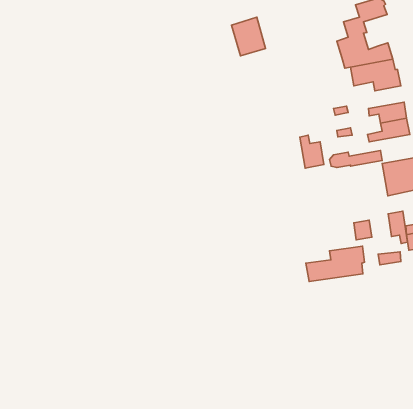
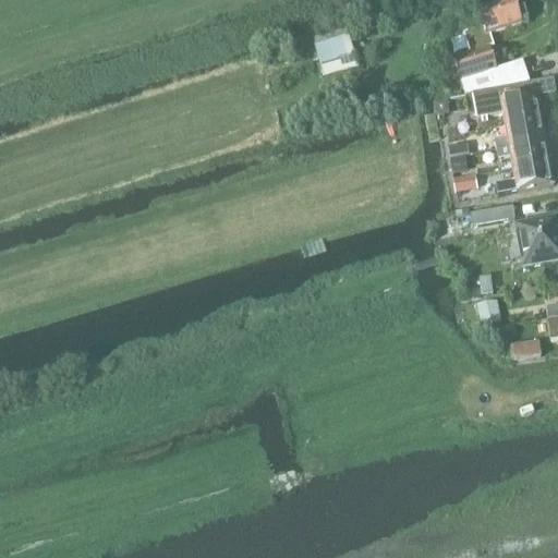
building: none -> [495,116,545,146]
building: [300,135,324,168] -> none
building: [388,211,408,244] -> none
building: [306,246,365,281] -> none

